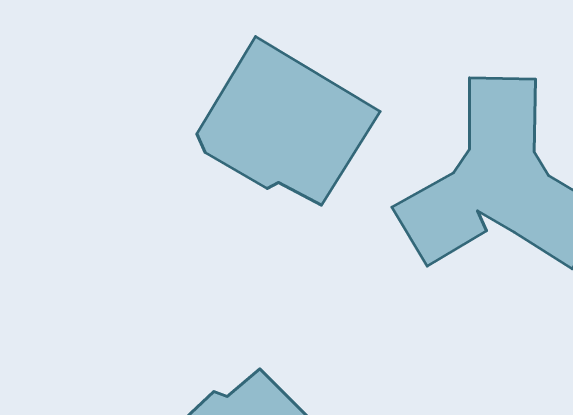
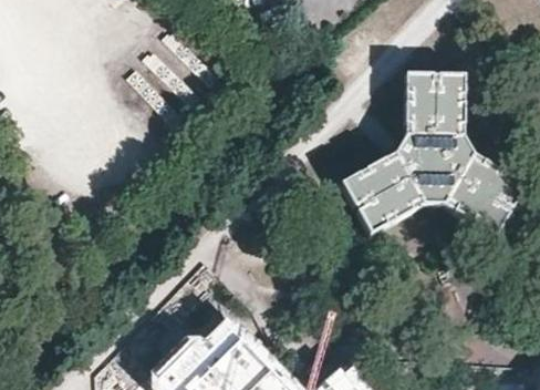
building: [197,37,380,205] -> none

